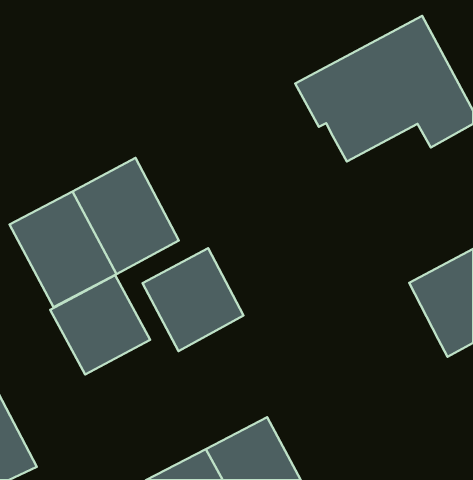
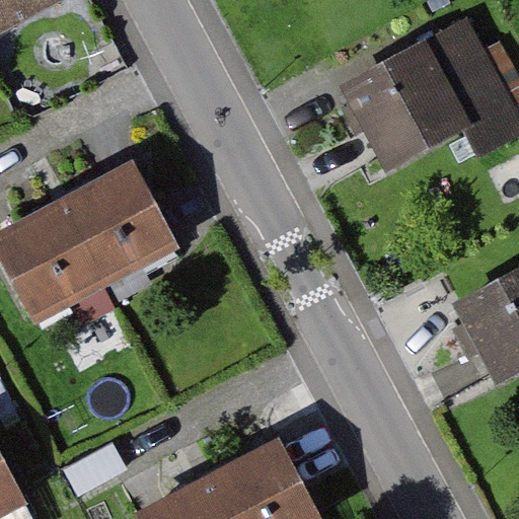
building: [142,248,244,351] -> none
building: [50,275,150,375] -> none

